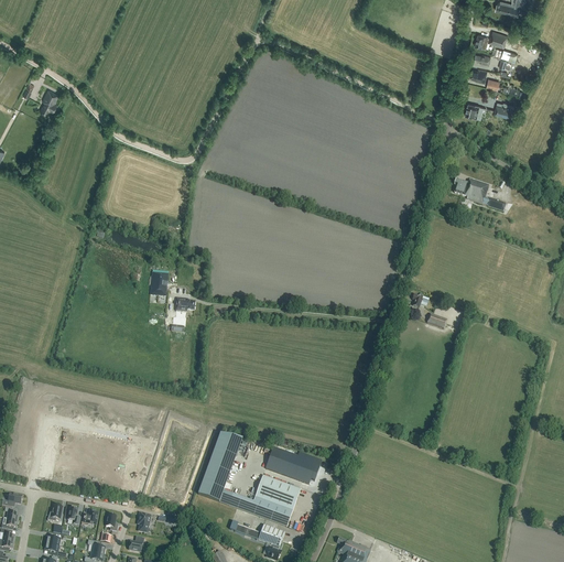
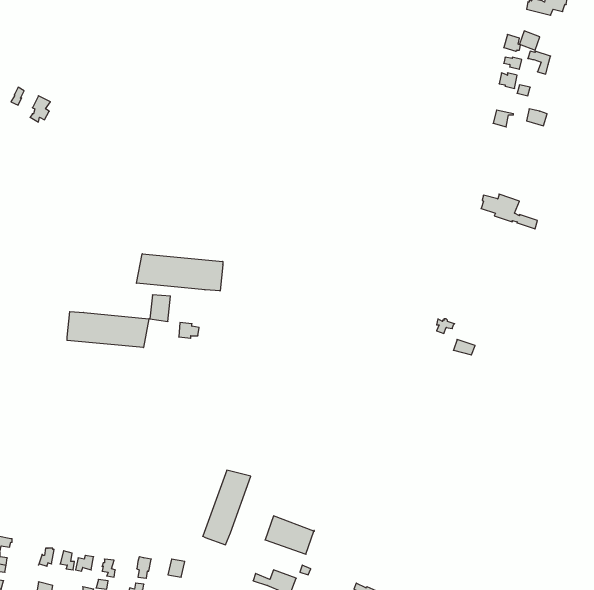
building: none -> [136,254,223,291]
building: none -> [67,312,149,348]
building: [265,447,319,483] -> none

